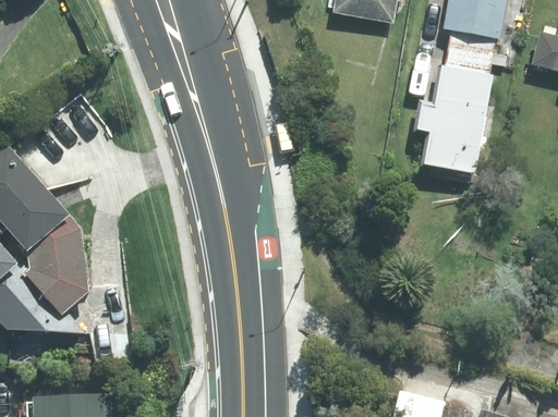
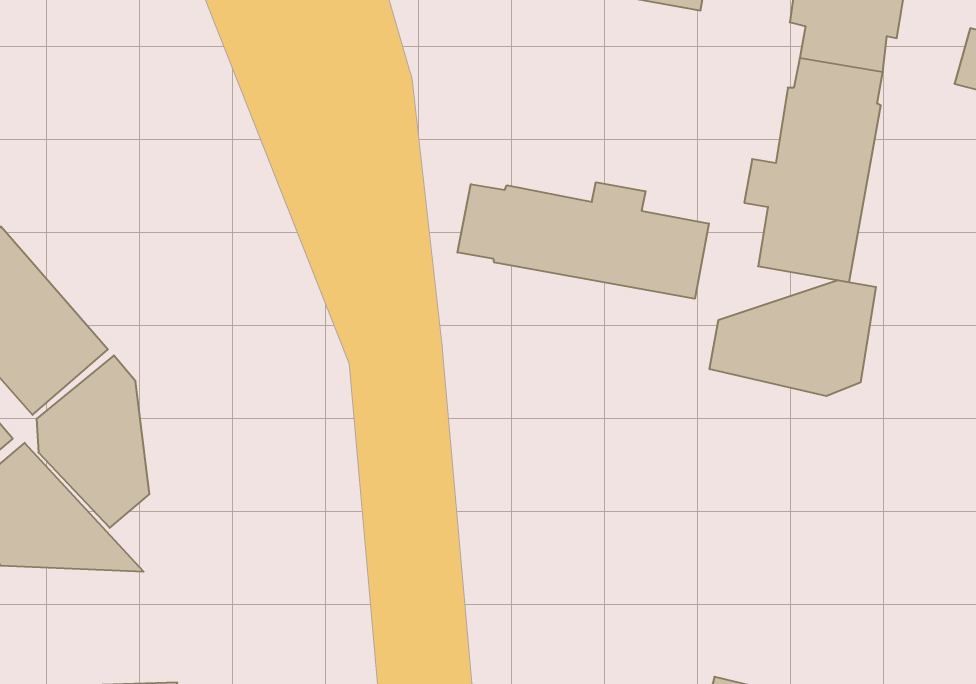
building: none -> [457,182,709,299]
building: none -> [710,280,876,396]

